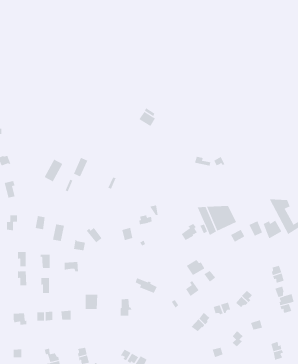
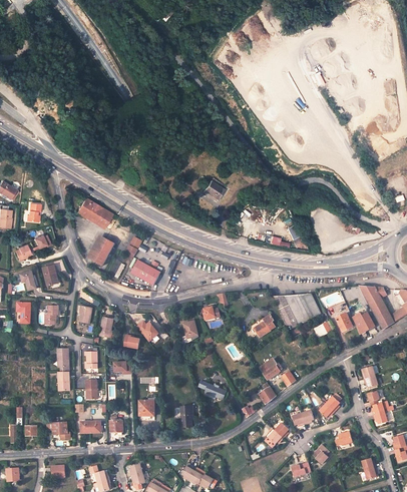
building: none -> [76,200,111,229]
building: none -> [130,261,160,286]

